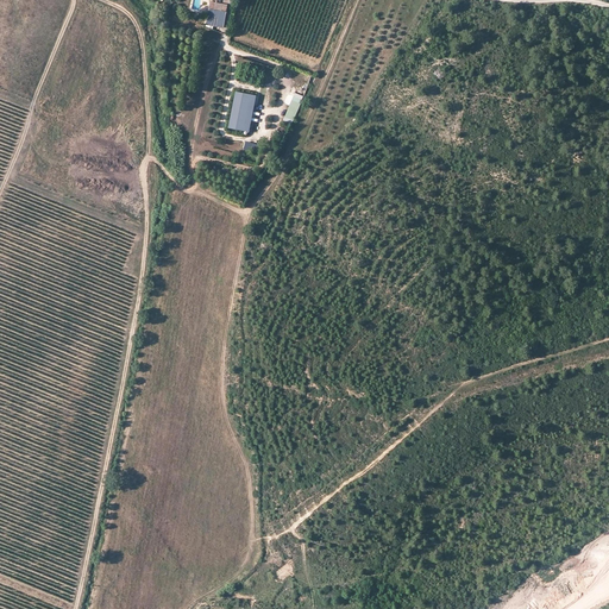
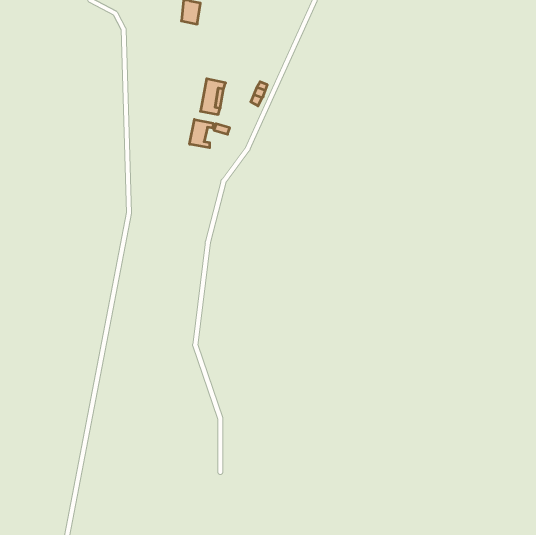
building: none -> [190,119,213,148]

